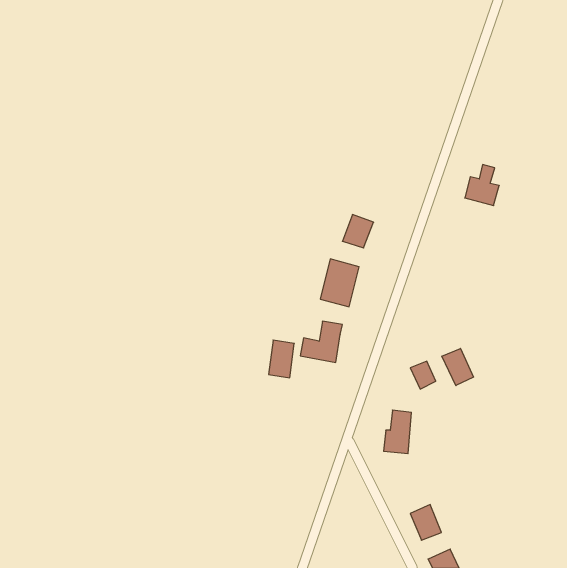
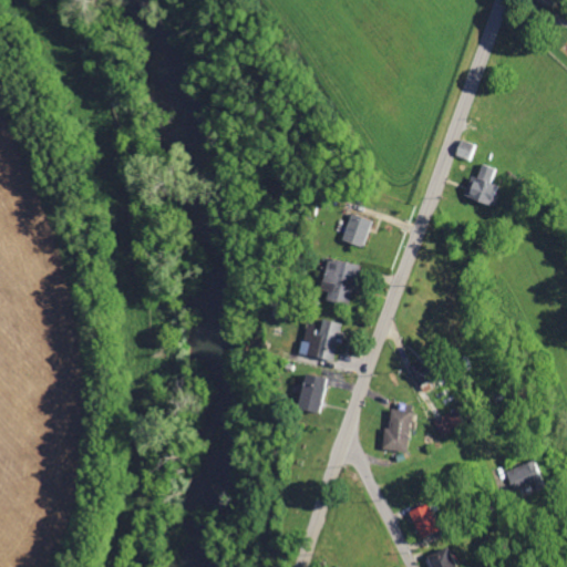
building: [269,340,294,378] -> [298,374,323,412]
building: [442,348,474,386] -> none
building: none -> [506,461,545,491]

